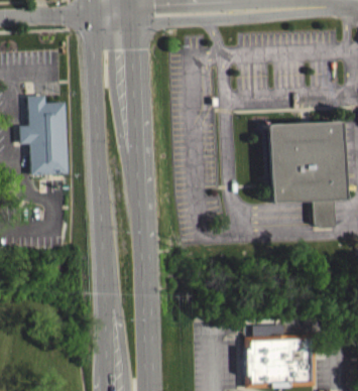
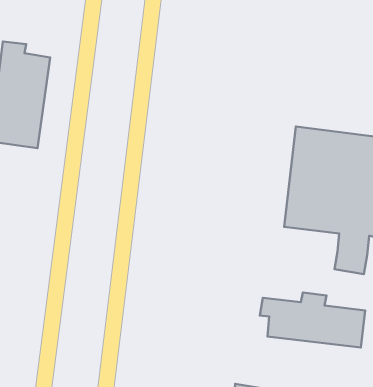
building: none -> [260,292,365,348]

